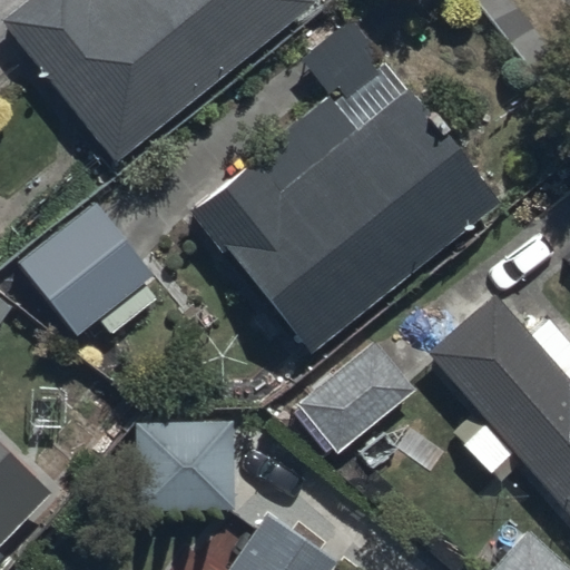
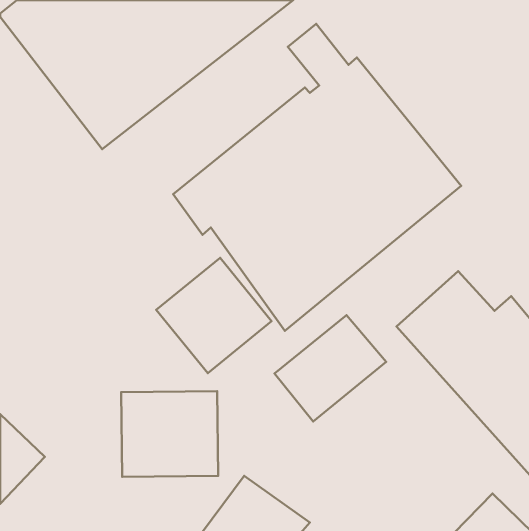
building: [16,197,161,342] -> none
building: none -> [156,258,272,373]

